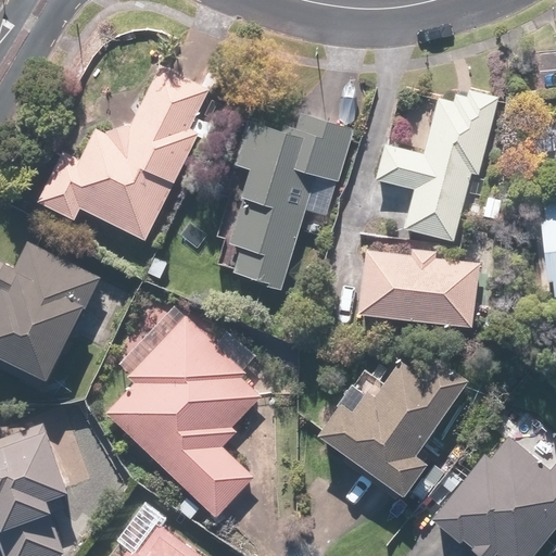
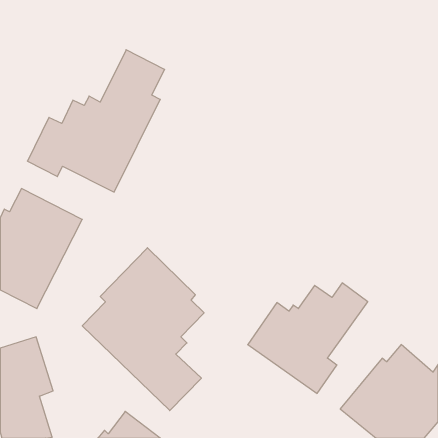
building: [377,92,498,242] -> none
building: [226,113,354,288] -> none
building: [357,250,478,327] -> none

